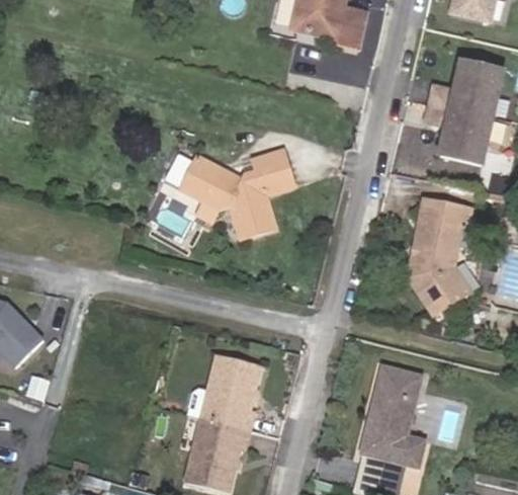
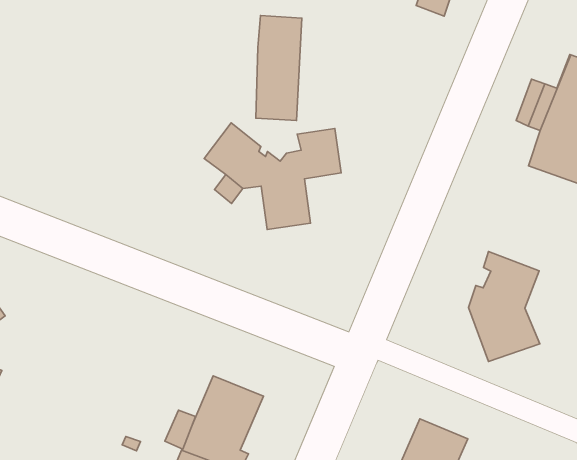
building: none -> [256,15,302,121]
building: [419,199,473,236] -> none

